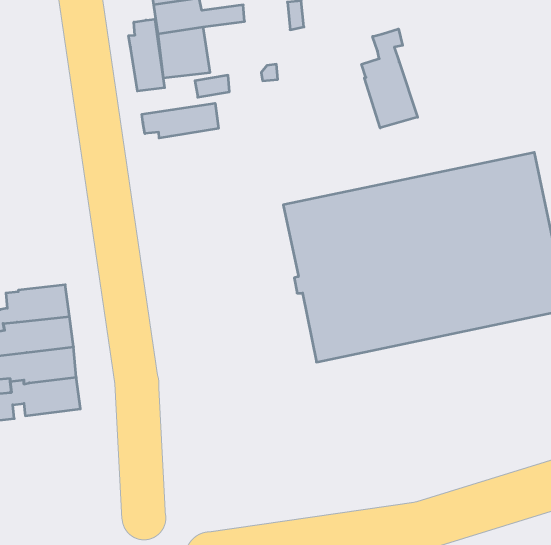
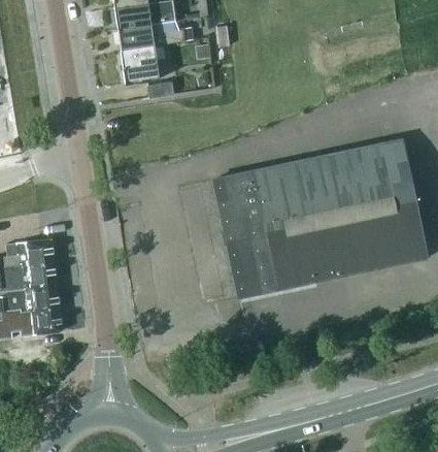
building: [129,19,165,91] -> none
building: [362,29,418,128] -> none
building: [142,103,218,138] -> none

